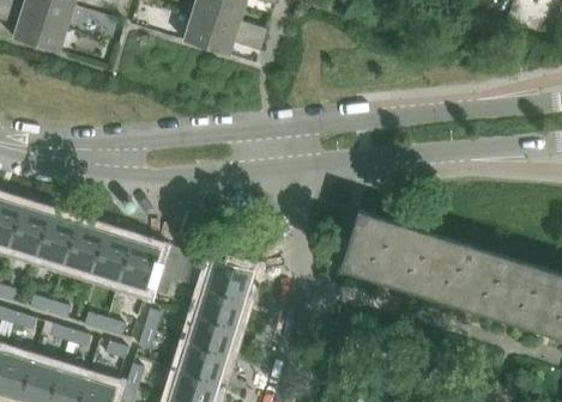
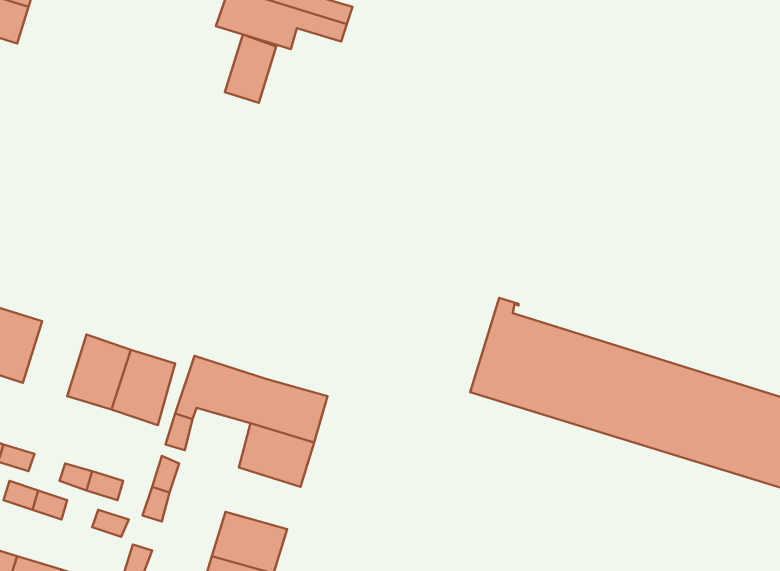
building: none -> [225,34,276,103]
building: [62,224,102,270] -> none
building: [188,315,235,353] -> none

